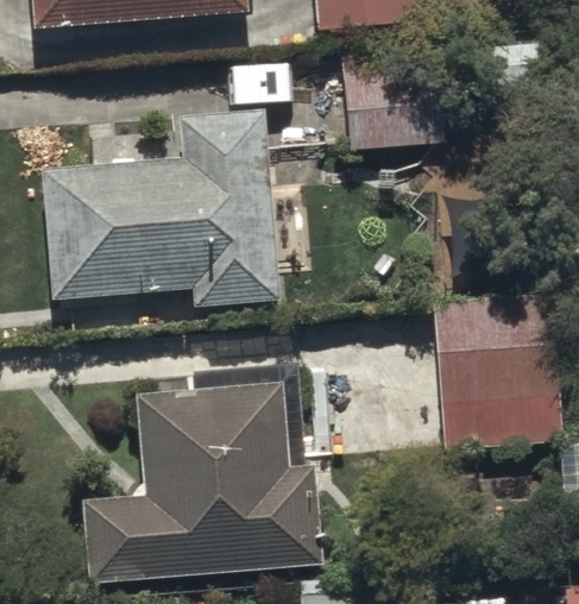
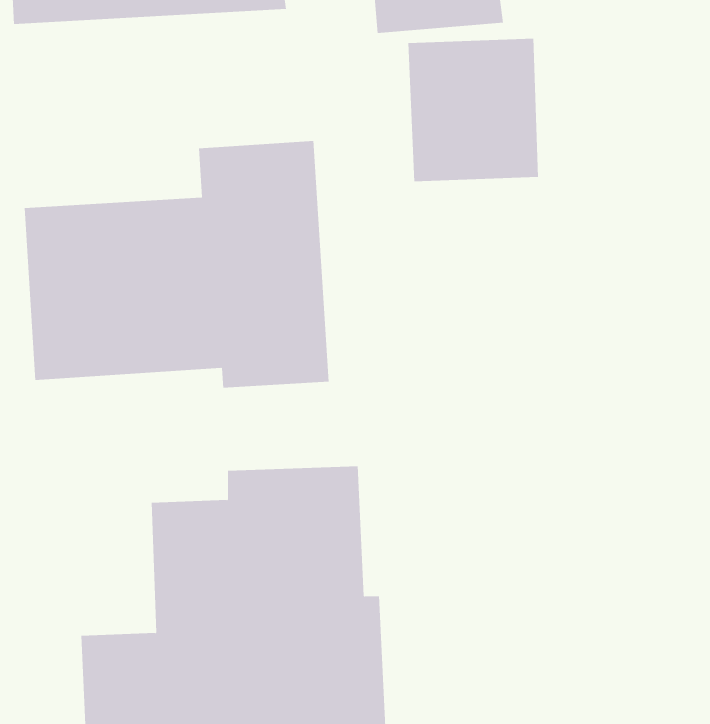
building: [434,294,559,451] -> none

